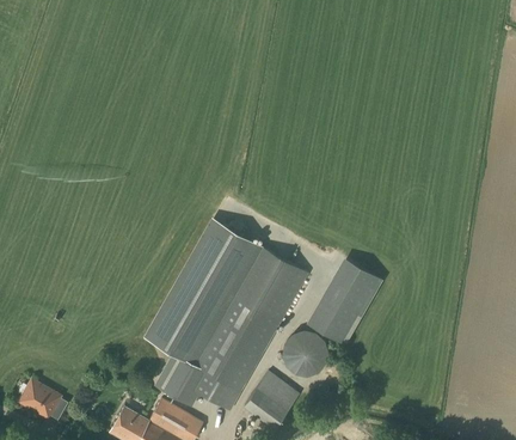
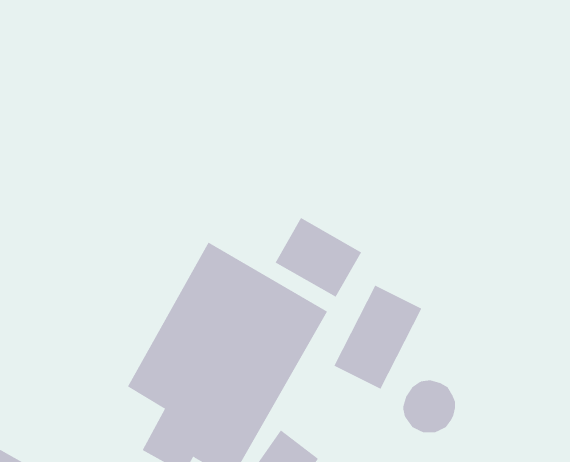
building: none -> [275,217,362,297]
building: [283,331,326,374] -> [403,380,456,433]

